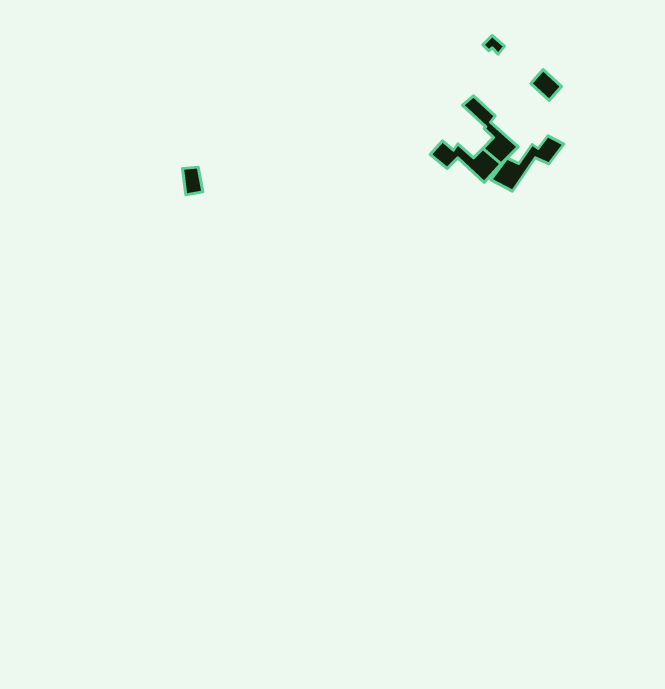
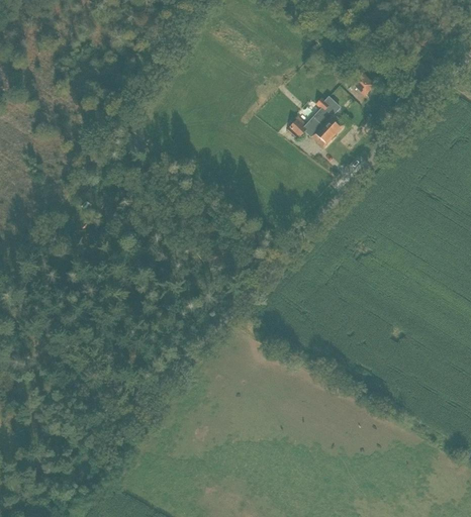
building: [491,136,564,191] -> none

